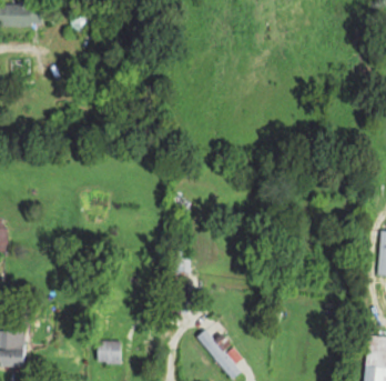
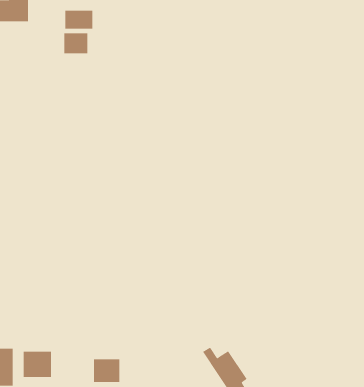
building: none -> [64,33,88,54]
building: none -> [23,351,52,378]

